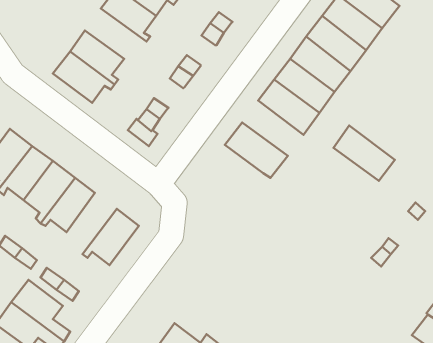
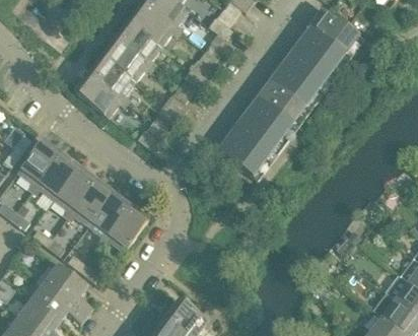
building: none -> [103,38,154,79]
building: [333,126,395,181] -> [233,114,284,159]
building: none -> [88,190,130,241]

